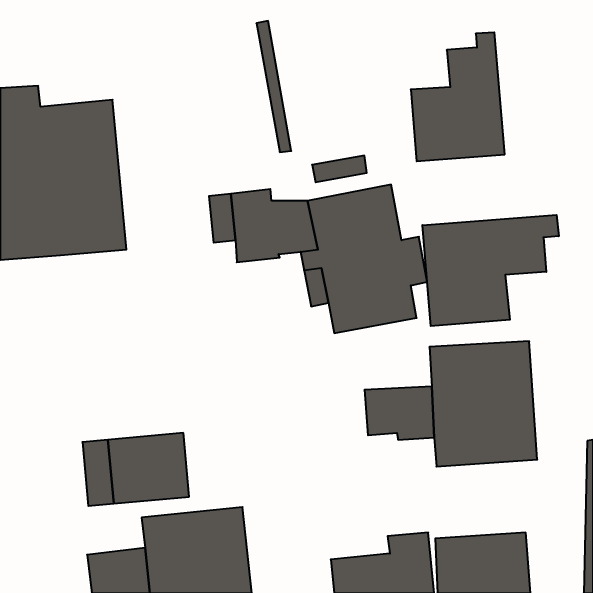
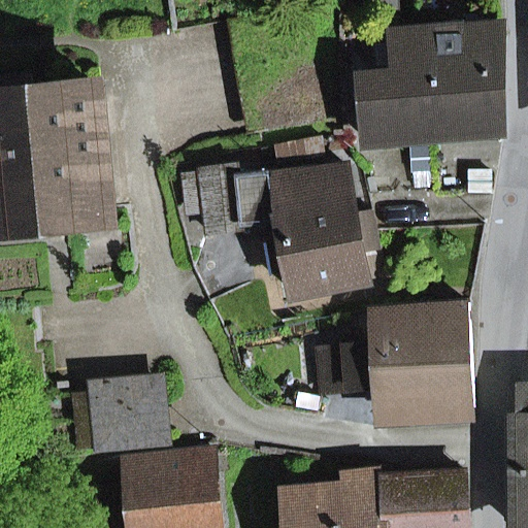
building: none -> [439,27,503,137]
building: [422,215,559,326] -> none

